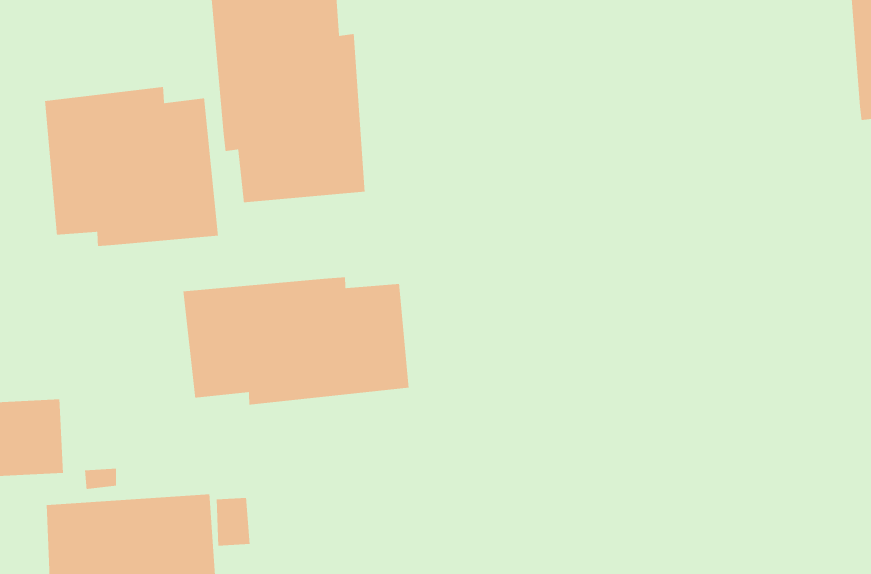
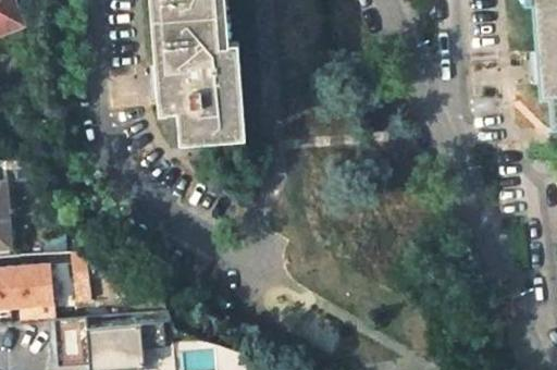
building: [44,86,219,247] -> none
building: [183,276,409,405] -> none

